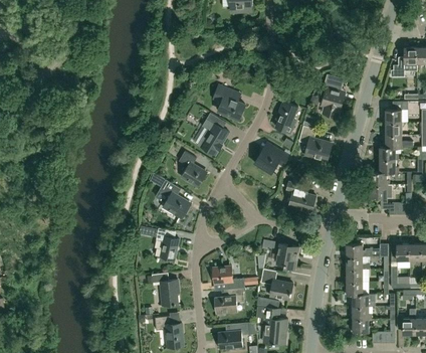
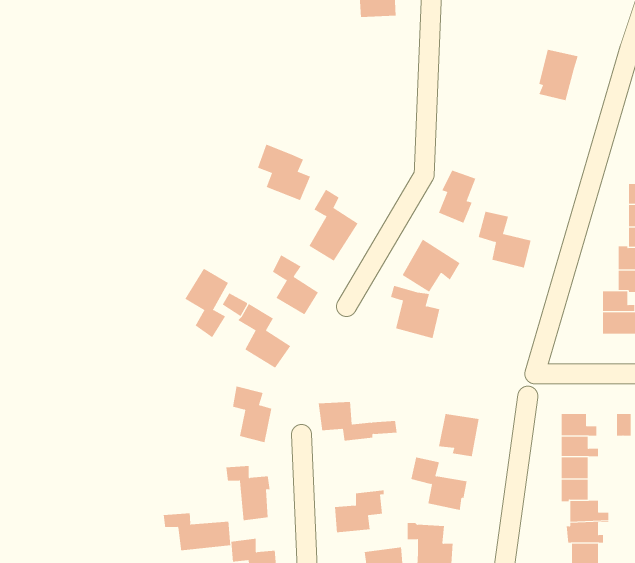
building: [213,85,244,119] -> [257,144,311,201]
building: [322,86,345,117] -> [539,49,578,101]
building: none -> [185,268,229,338]
building: [286,181,315,212] -> [390,285,440,339]
building: [212,267,258,290] -> [318,402,397,441]
building: none -> [163,512,231,551]

